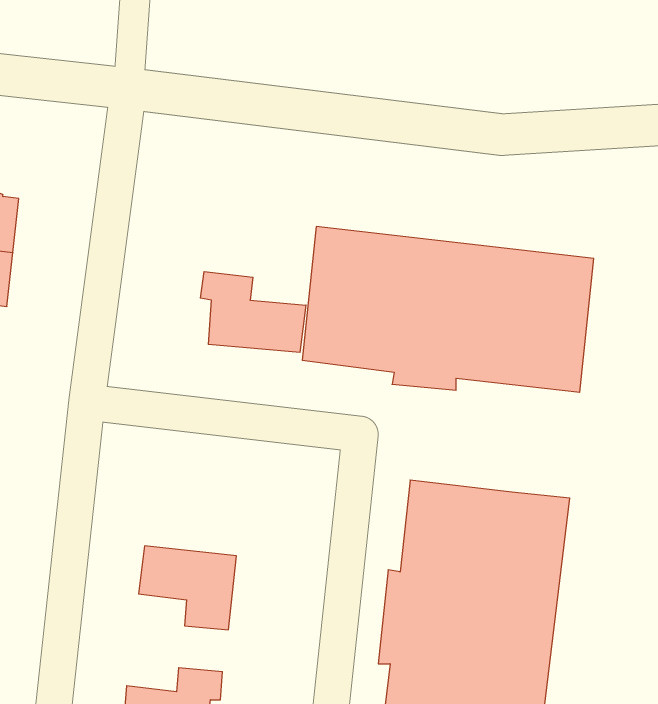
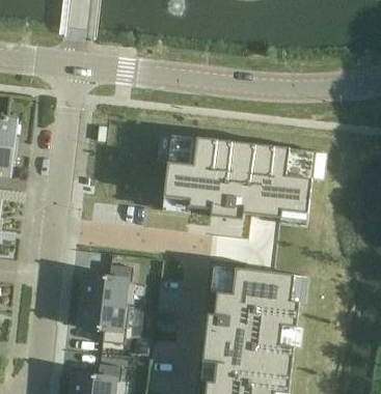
building: [200,272,306,352] -> none
building: none -> [81,264,133,306]

